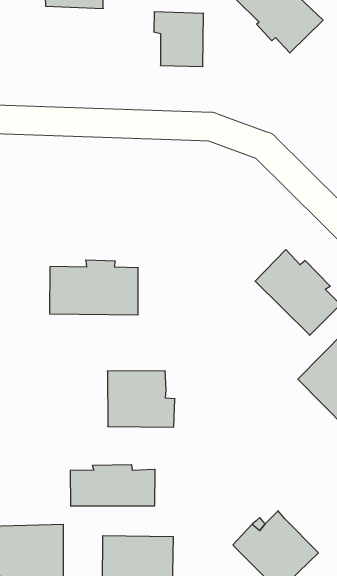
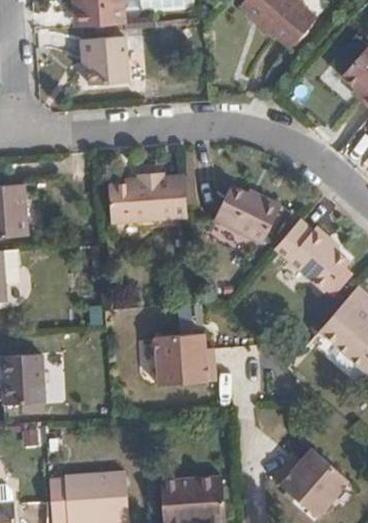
building: [154,12,204,66] -> [80,37,126,85]
building: none -> [214,187,280,244]
building: [50,260,138,315] -> [107,172,187,222]
building: [70,465,155,506] -> none

